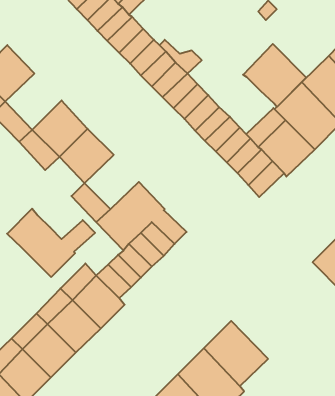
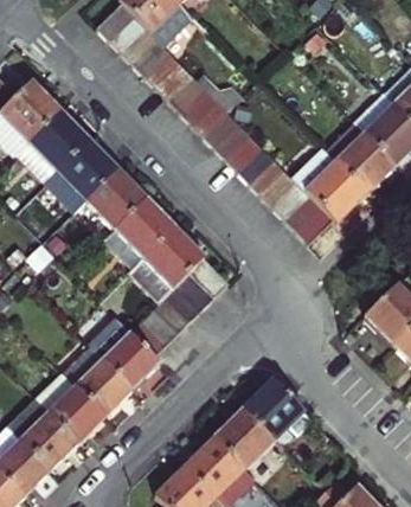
building: [243,44,306,107] -> none
building: none -> [28,109,90,171]
building: none -> [115,198,174,257]
building: [7,209,95,277] -> none

